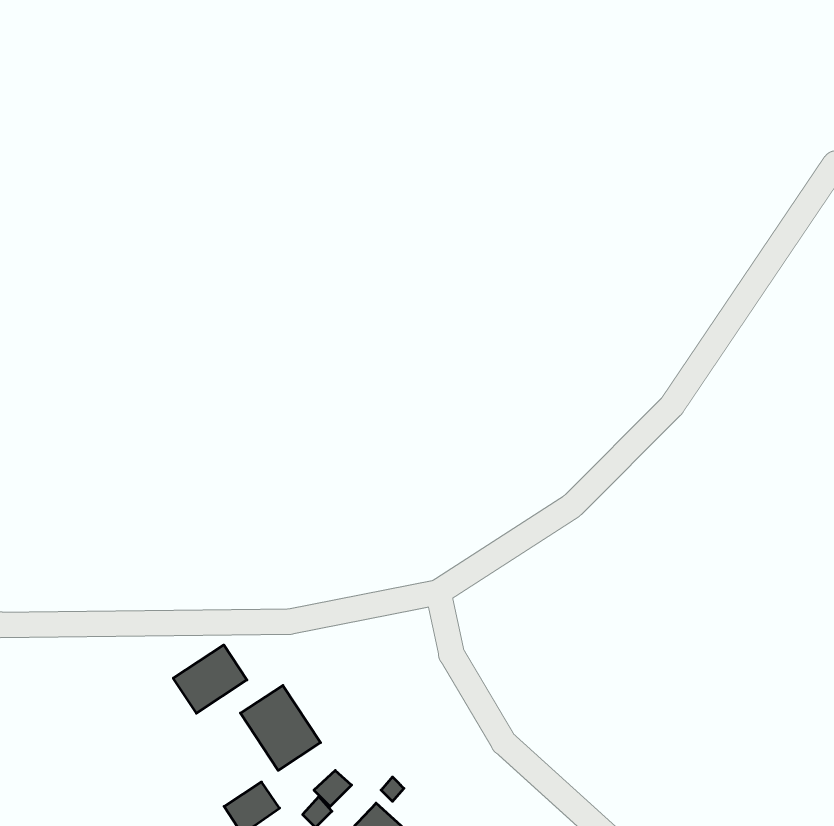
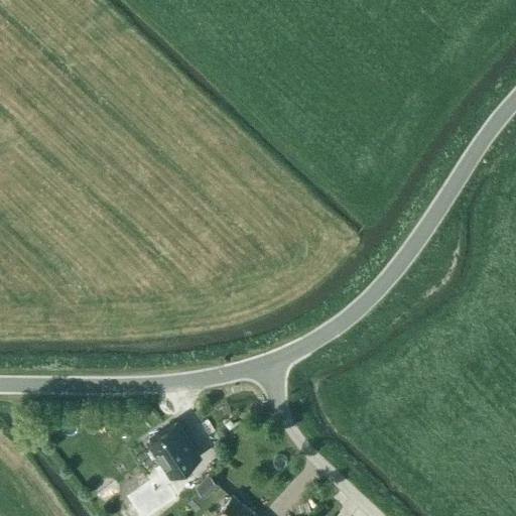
building: [173,645,247,713] -> none

